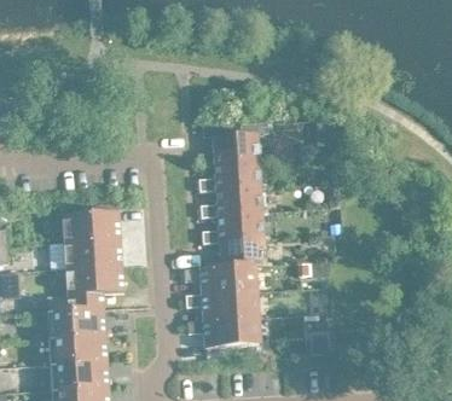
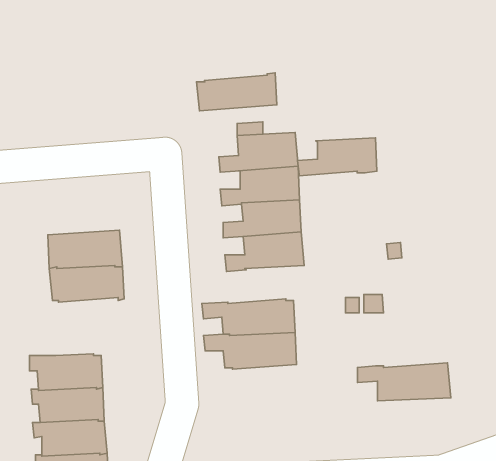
building: none -> [196,73,277,111]
building: [202,239,265,269] -> [298,138,377,176]
building: [64,265,122,310] -> none
building: [186,318,260,348] -> [358,363,451,401]

